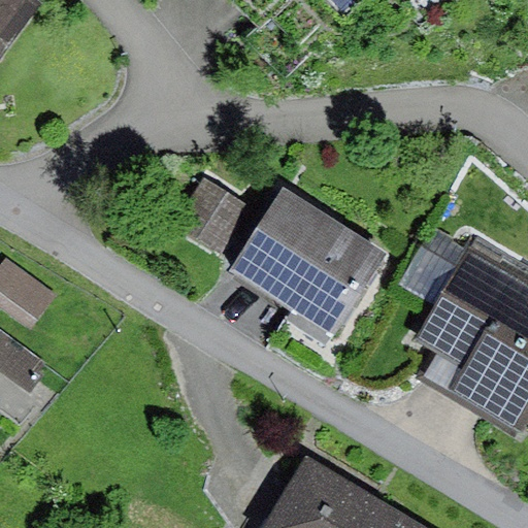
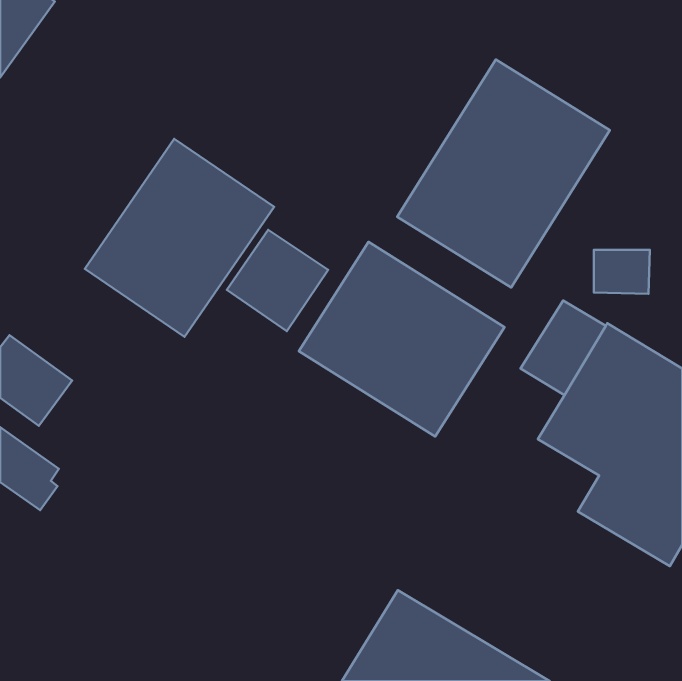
building: none -> [397,59,610,288]
building: none -> [85,139,274,337]

